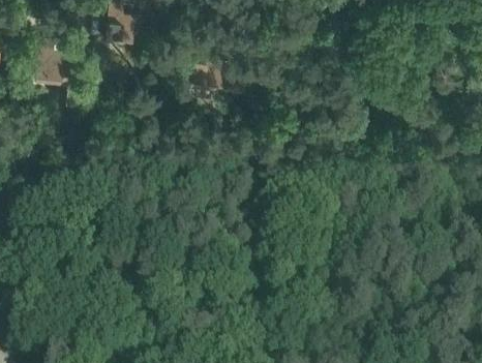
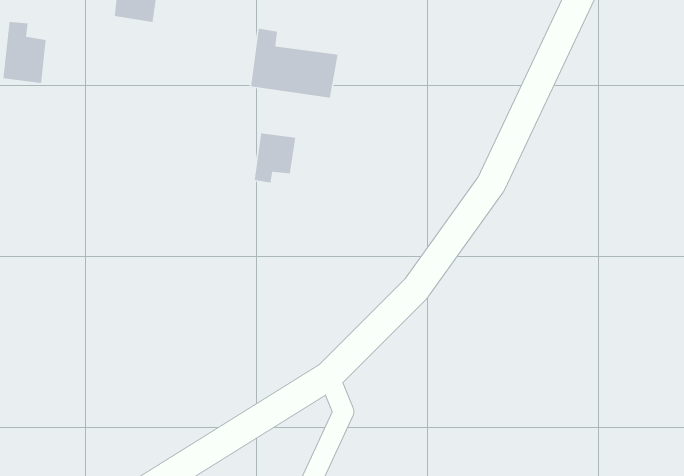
building: none -> [254,132,296,183]

